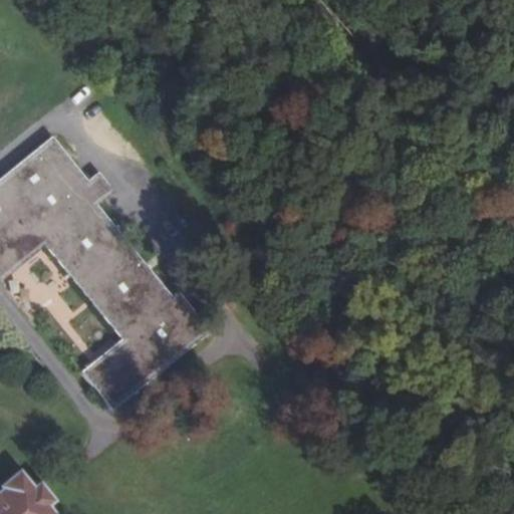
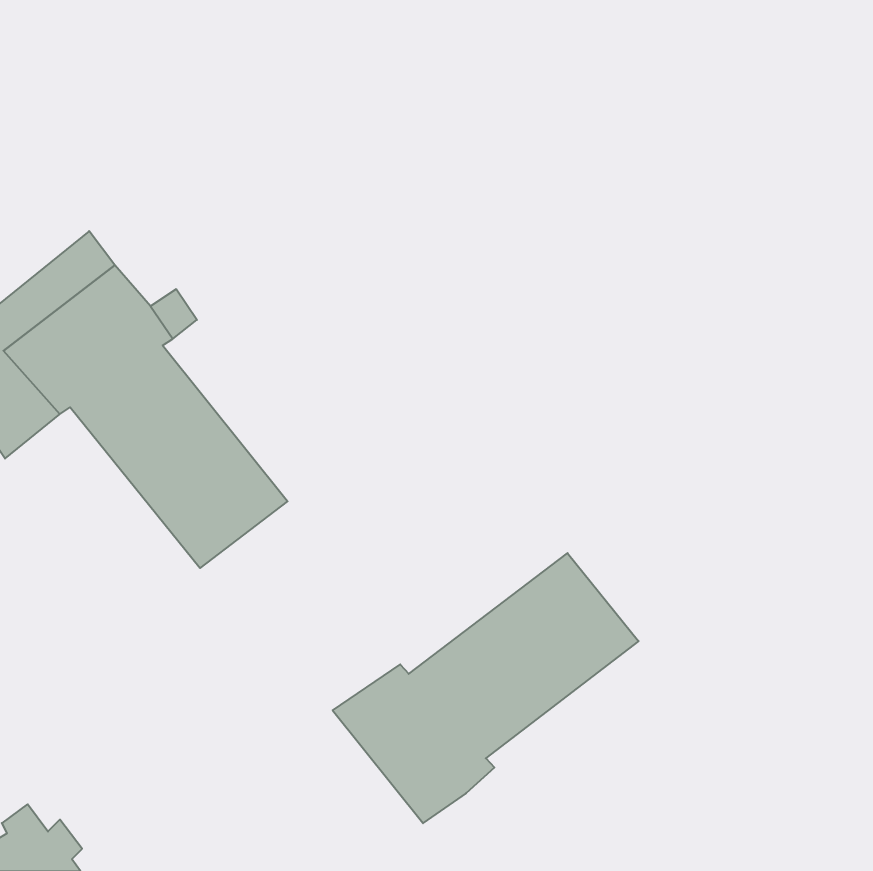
building: [85,292,211,407] -> none
building: none -> [333,553,639,823]

